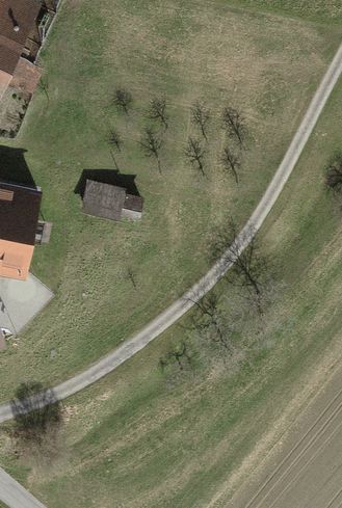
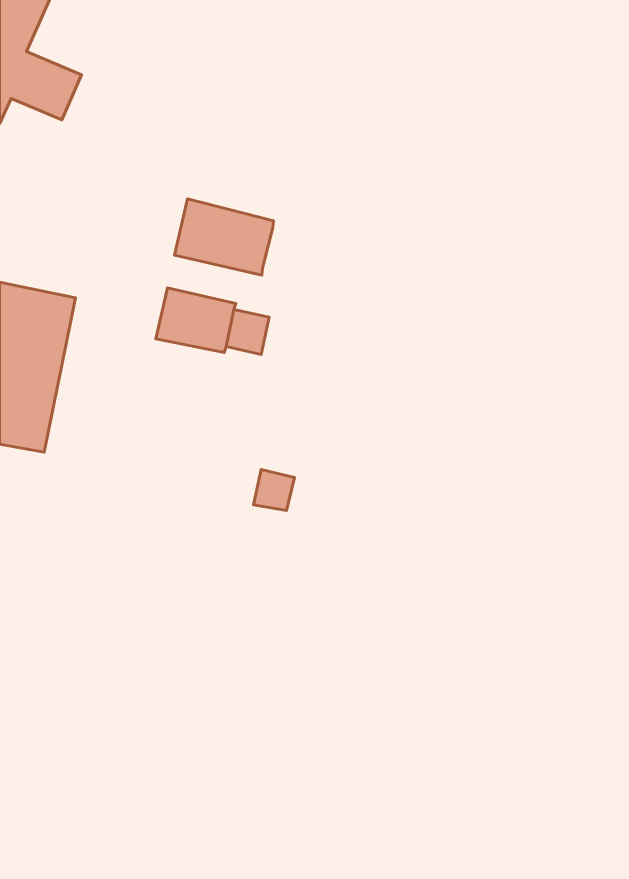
building: none -> [175,199,274,275]

